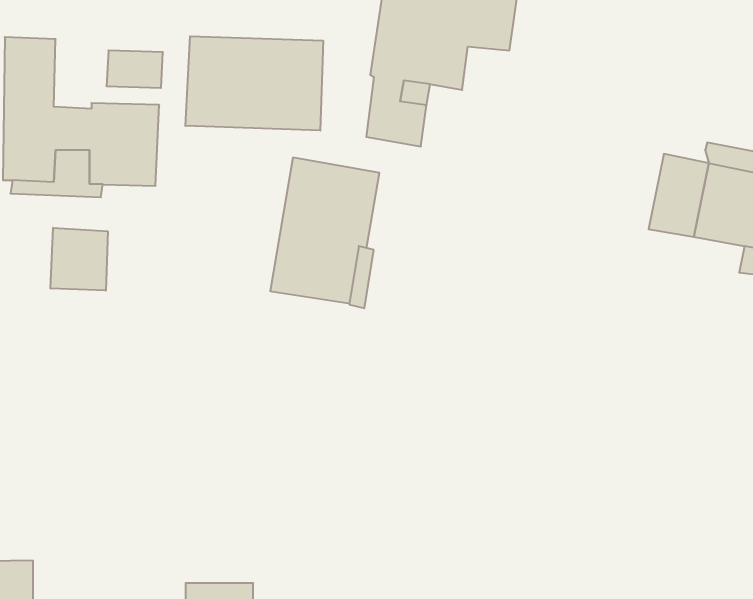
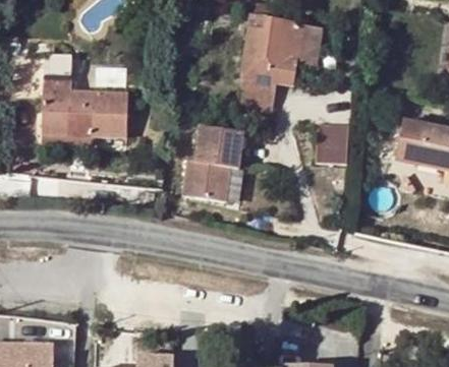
building: [185,36,323,131] -> none
building: none -> [318,125,347,163]
building: [51,228,108,291] -> none

